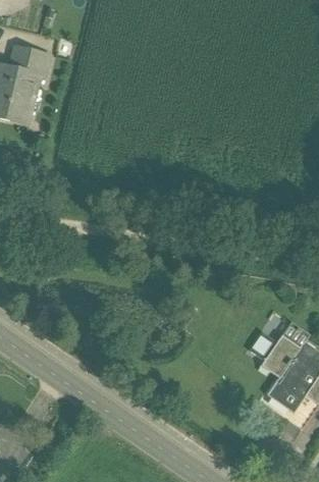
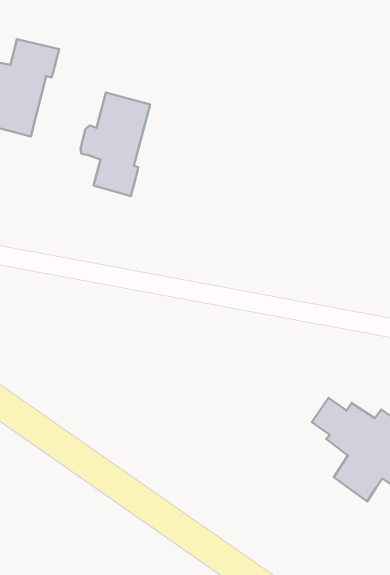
building: none -> [80,93,150,196]

